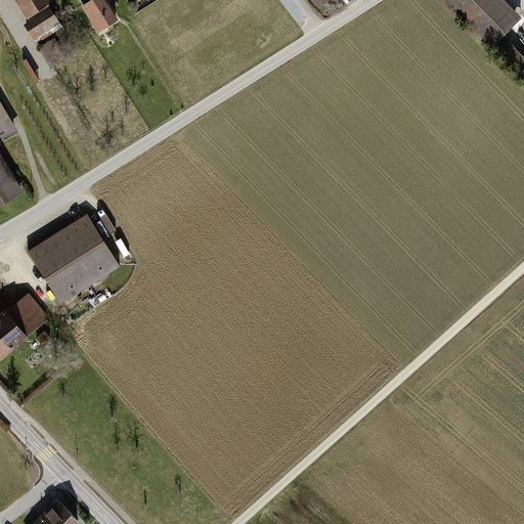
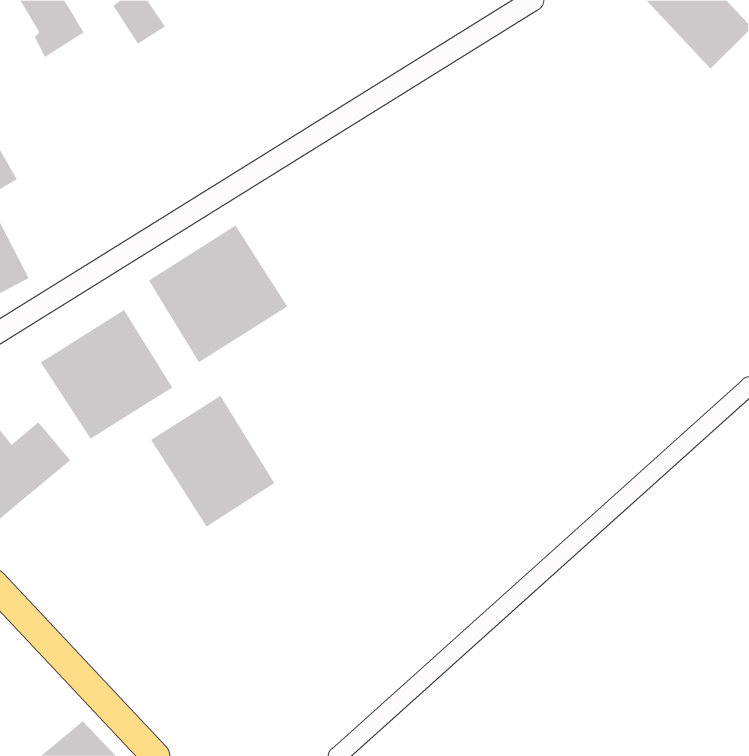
building: none -> [148,225,288,363]
building: none -> [150,395,275,528]

